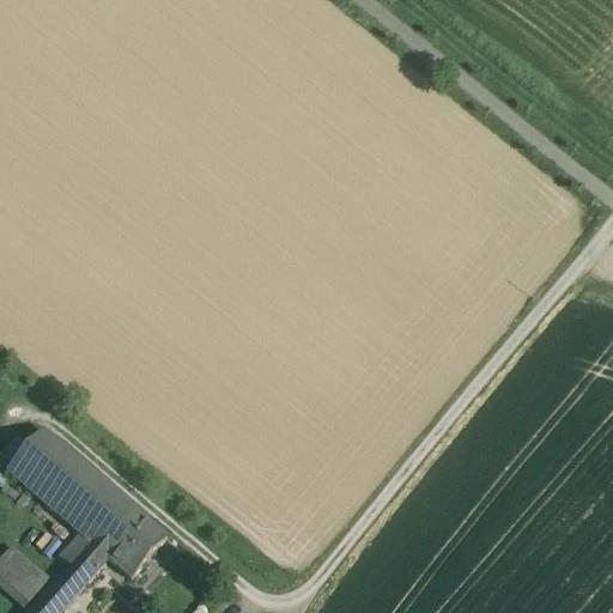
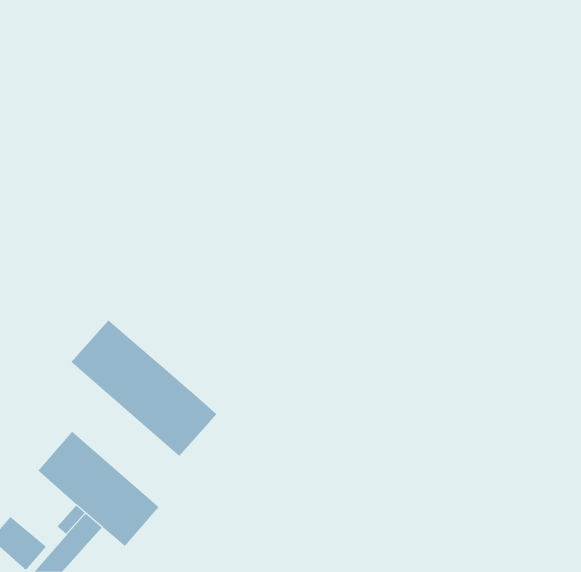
building: none -> [70,319,217,457]
building: [11,427,75,494] -> none

